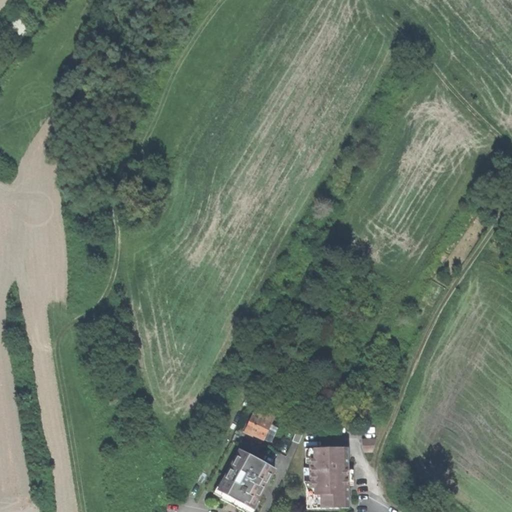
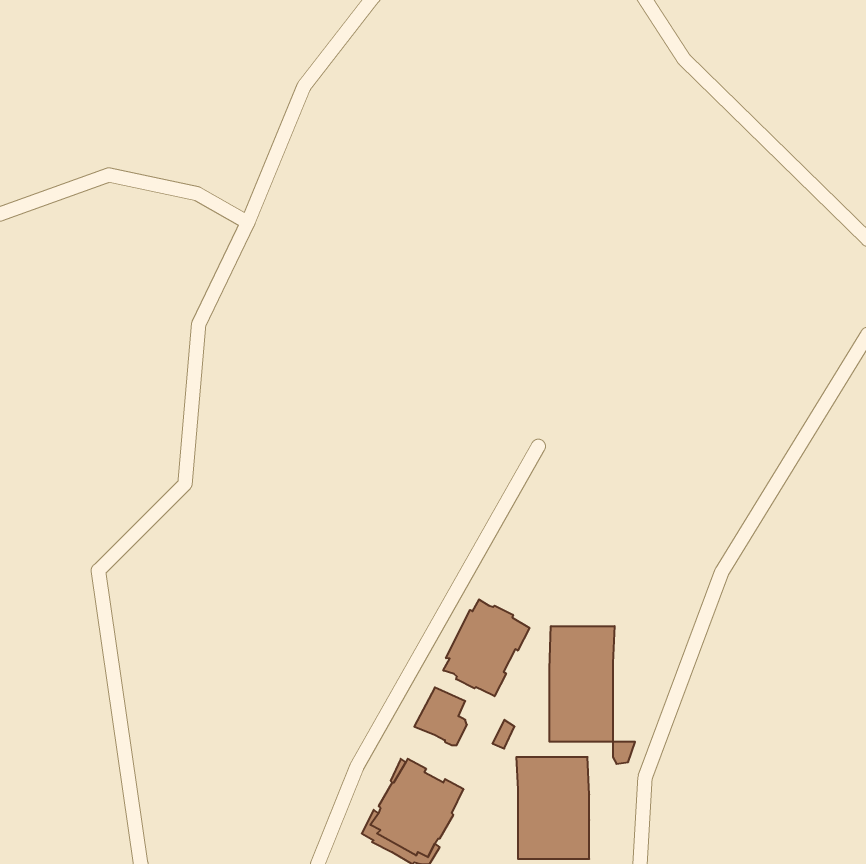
building: none -> [443,599,529,696]
building: none -> [549,626,615,742]

